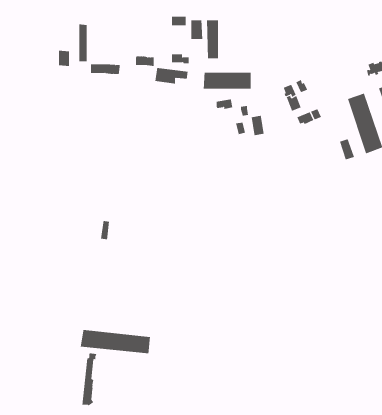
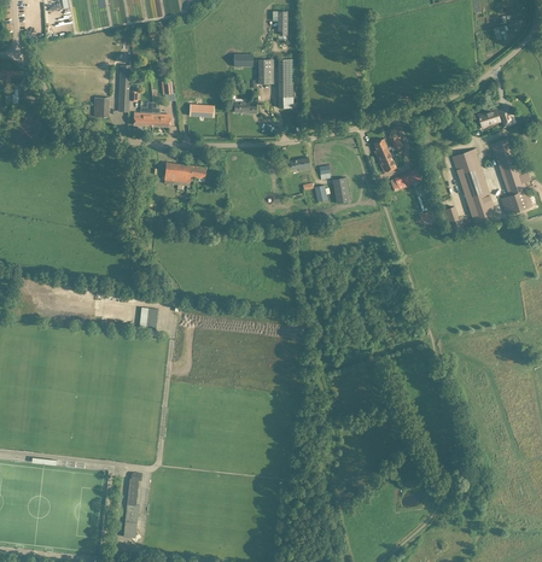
building: [154,67,189,84] -> [163,163,205,183]
building: [203,72,251,89] -> none
building: [80,329,151,354] -> none

